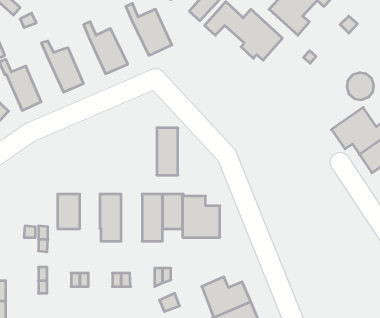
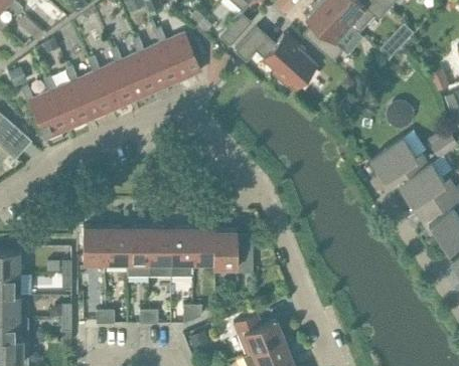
building: none -> [132,39,178,93]
building: none -> [88,58,133,113]
building: none -> [43,77,89,132]
building: [157,128,178,175] -> [149,228,171,278]
building: none -> [106,228,127,264]

